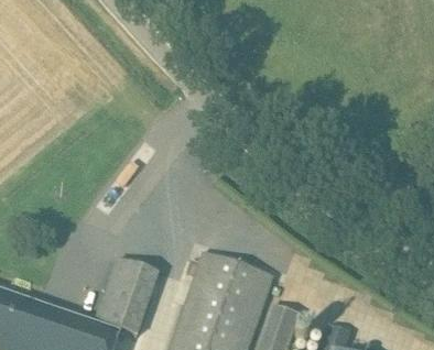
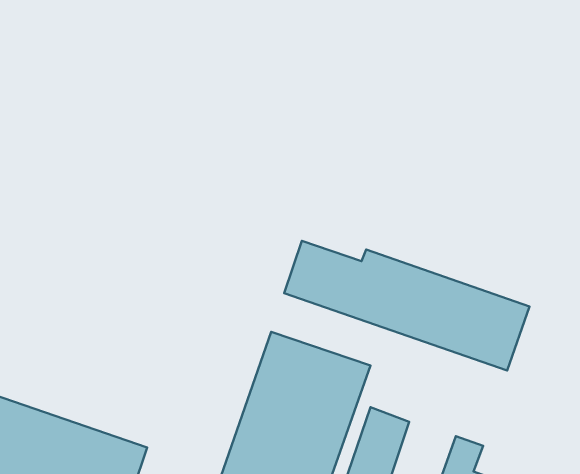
building: none -> [284,241,530,370]
building: [96,260,159,335] -> none

